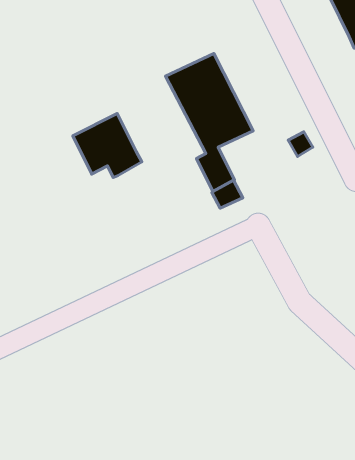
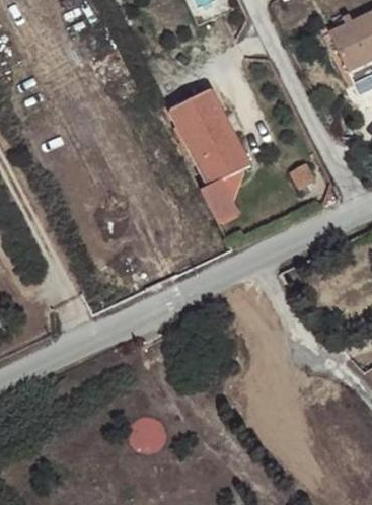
building: [73,114,142,178] -> none

